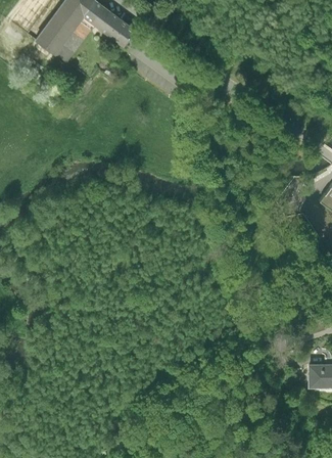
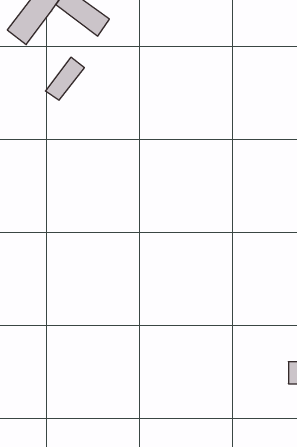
building: [53,21,91,63] -> [45,57,84,100]

